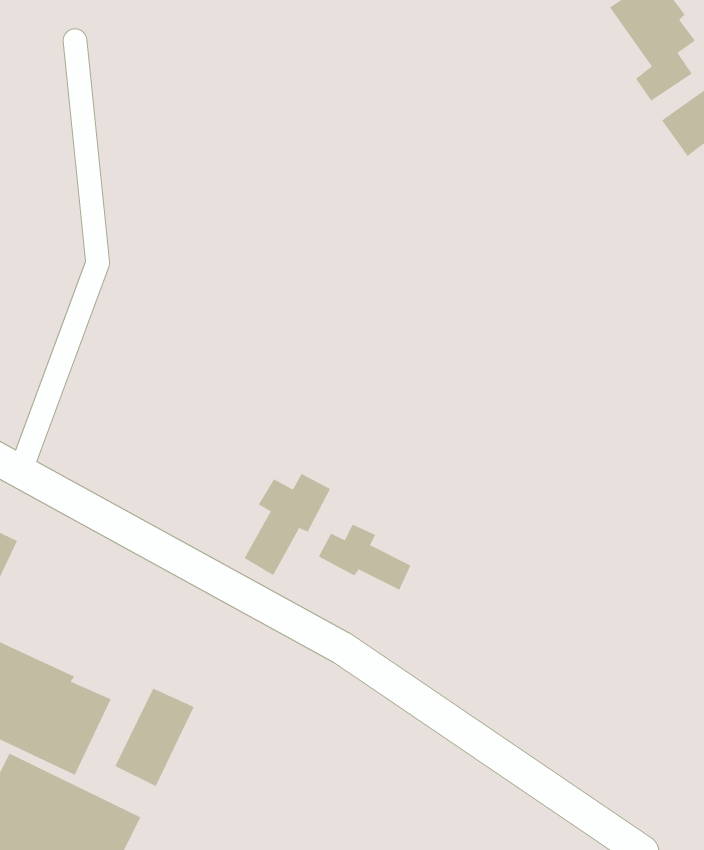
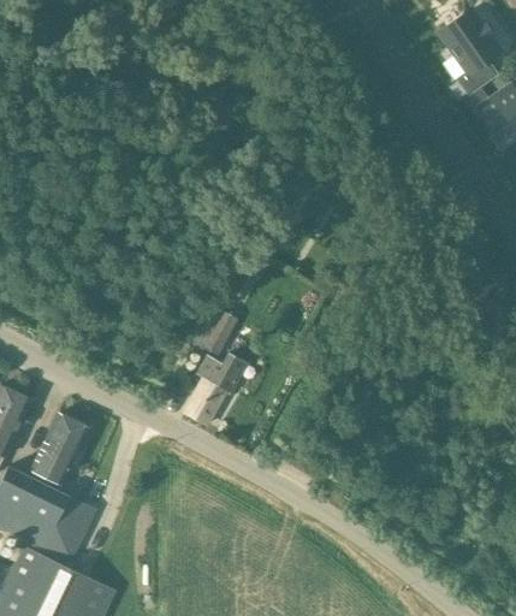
building: none -> [198,309,238,356]
building: [318,524,411,590] -> none
building: [115,688,195,787] -> [32,414,88,482]

